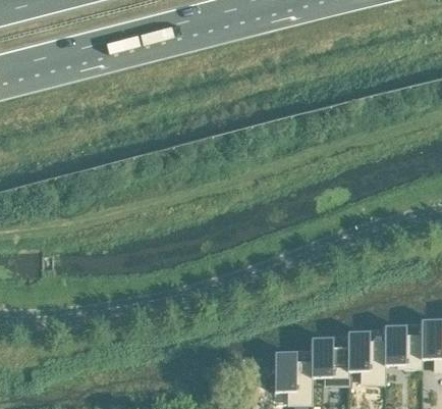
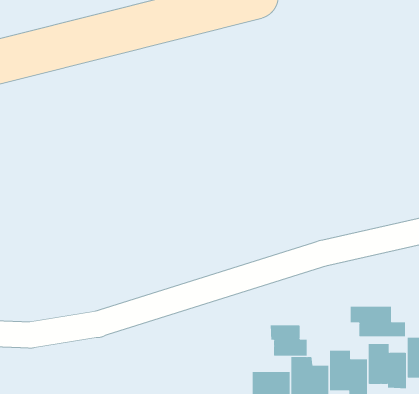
building: none -> [344,306,407,337]
building: none -> [257,325,312,357]

